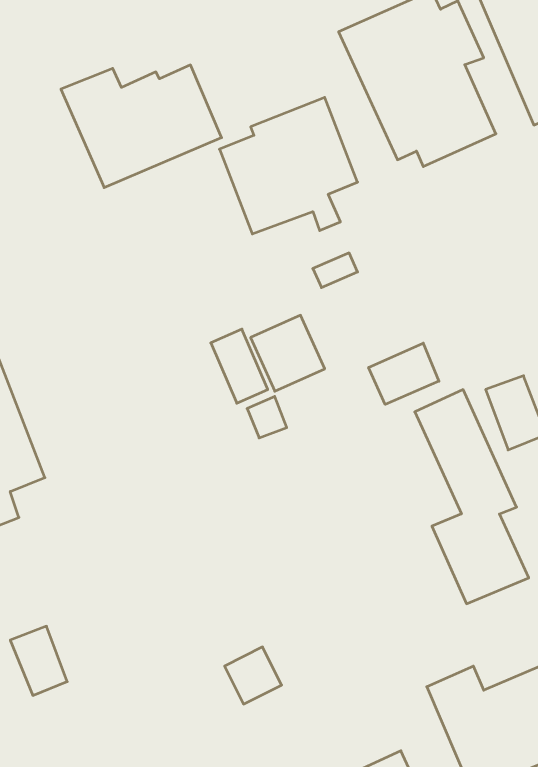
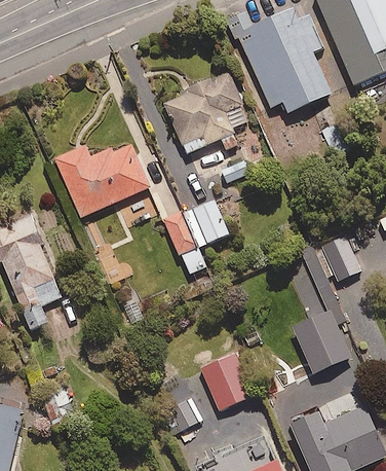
building: [61,65,222,188] -> [54,144,150,217]
building: [369,343,439,404] -> none
building: none -> [200,354,250,410]

